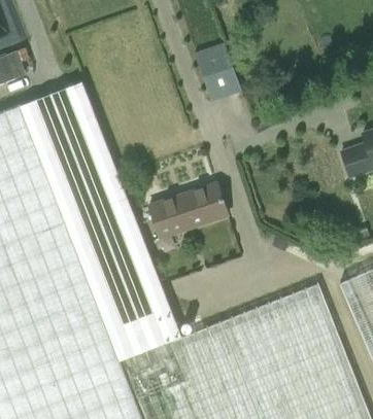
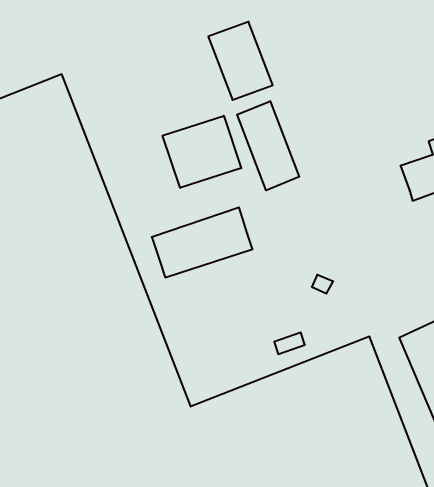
building: none -> [237,101,299,190]
building: none -> [163,116,241,188]

